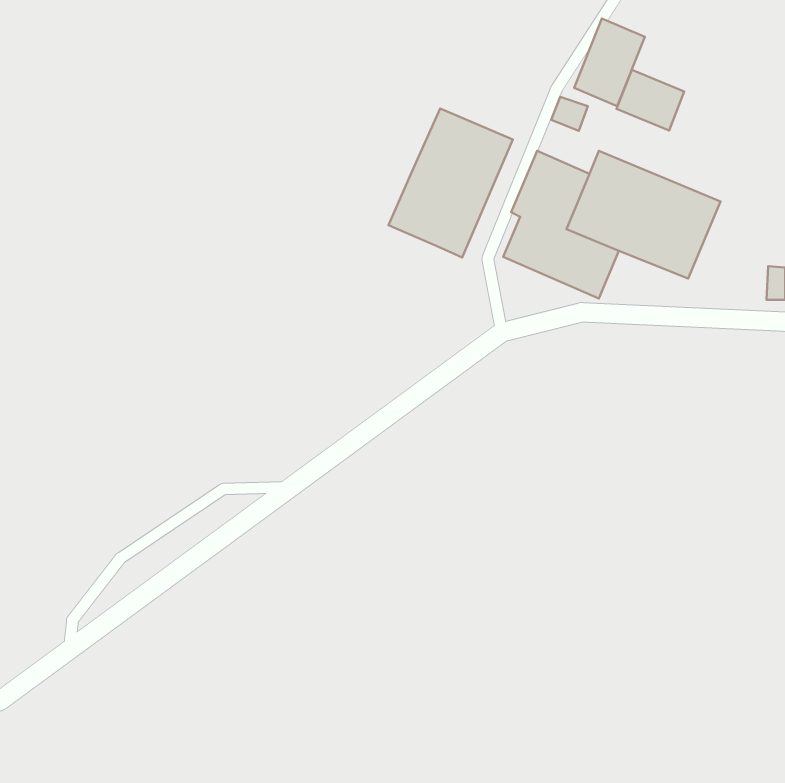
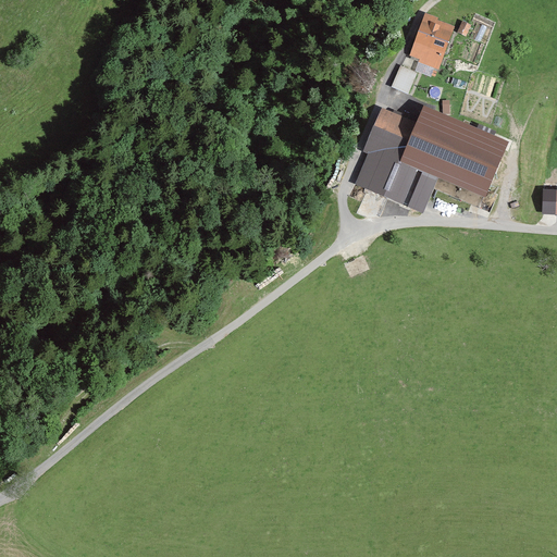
building: [617,70,684,130] -> none
building: [389,109,513,257] -> none

